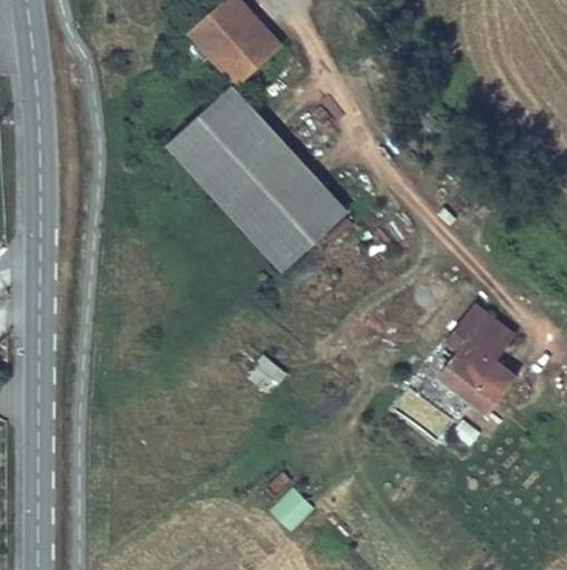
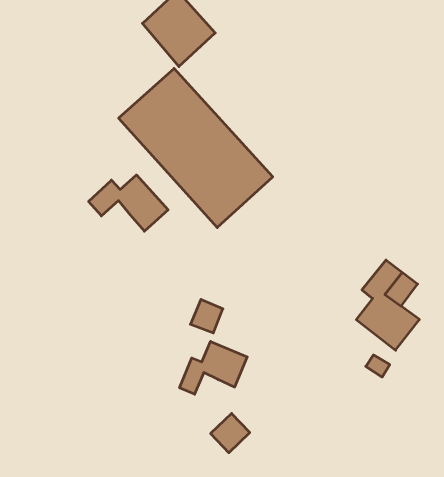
building: none -> [89,175,168,231]
building: none -> [180,341,247,394]

